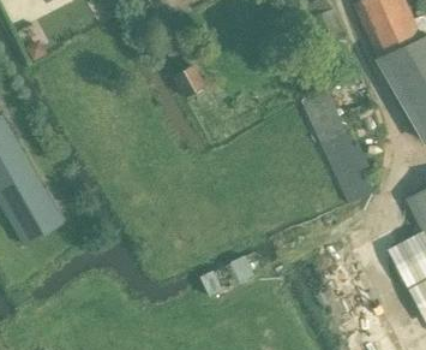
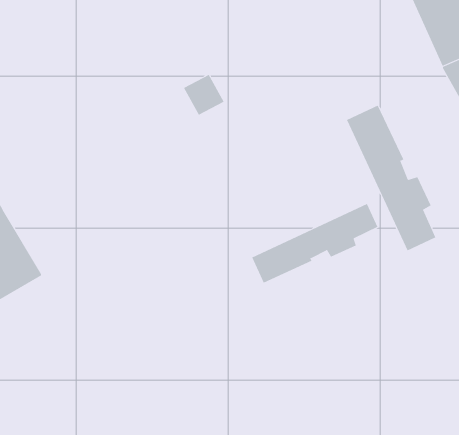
building: none -> [252,203,378,284]

